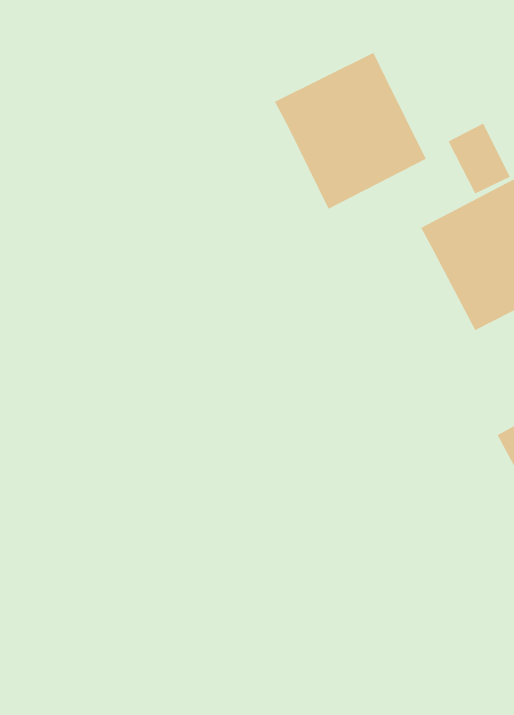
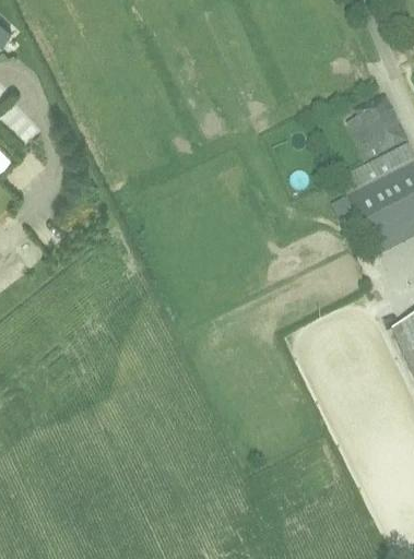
building: [274,52,427,210] -> none

